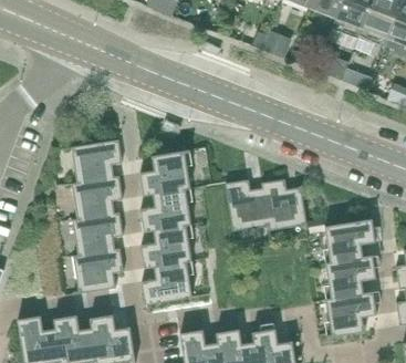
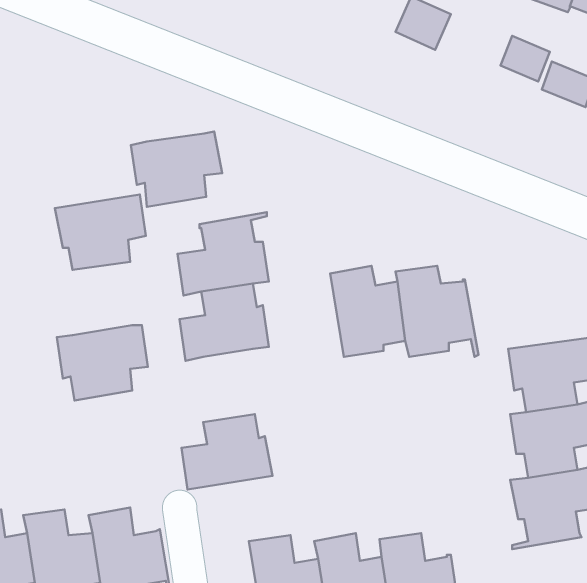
building: [72,176,123,218] -> [131,131,222,207]
building: [140,226,191,268] -> none
building: [73,248,124,294] -> none

